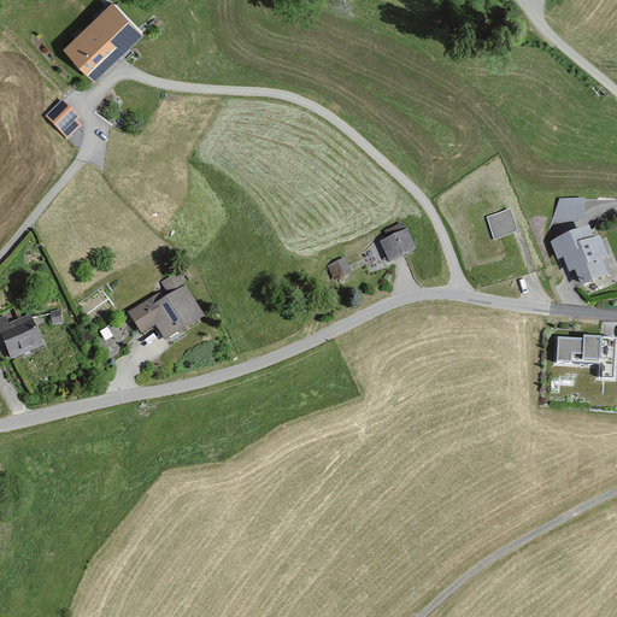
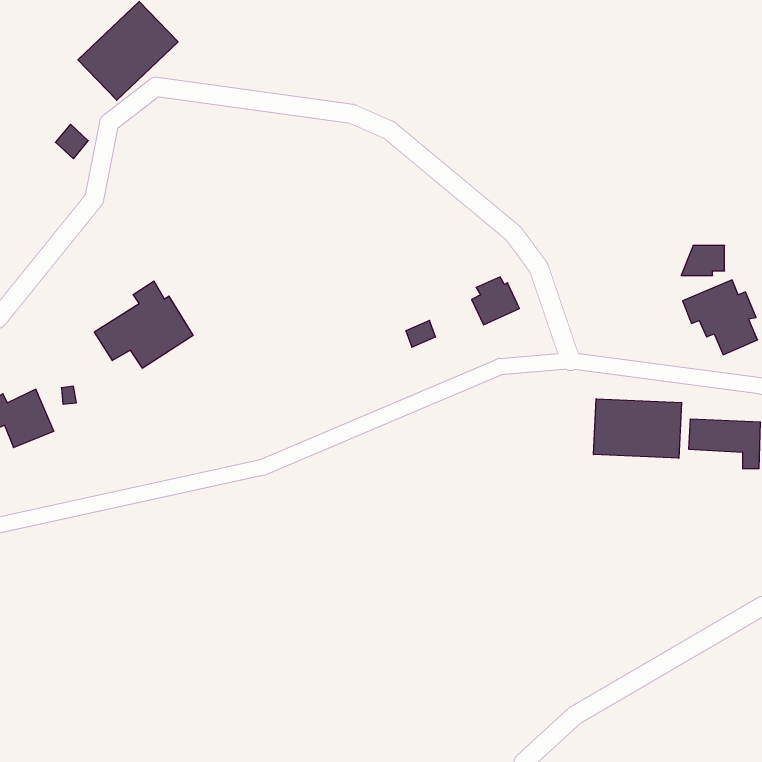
building: [484,208,515,237] -> none
building: [127,271,206,341] -> [94,281,193,368]
building: none -> [594,399,681,458]

